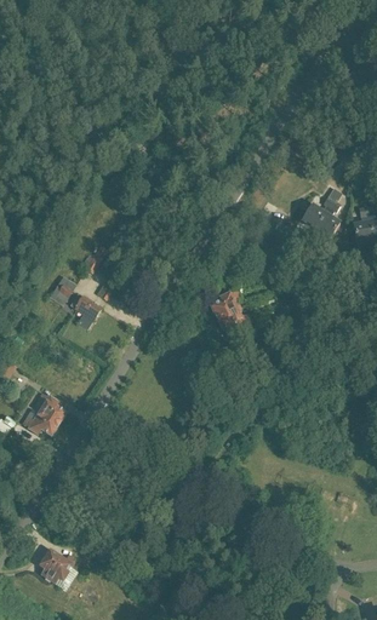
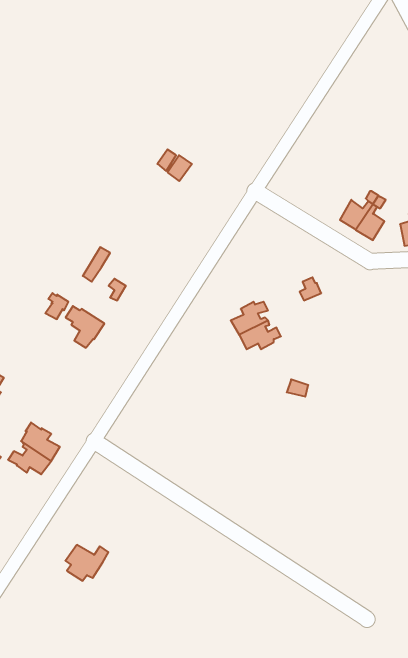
building: [40,551,76,581] -> [65,545,108,581]

